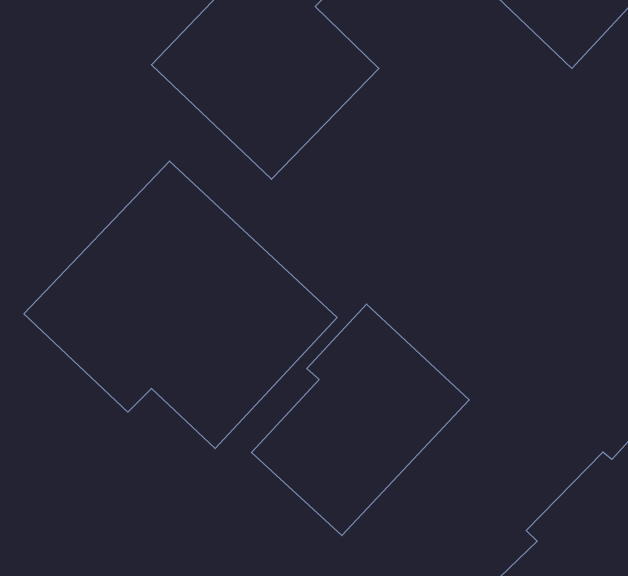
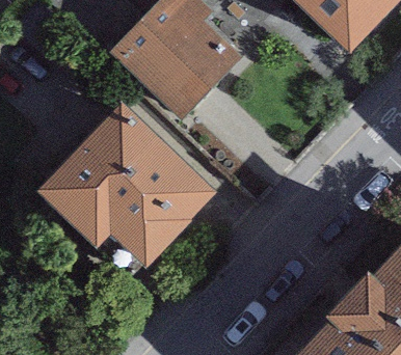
building: [251,304,469,536] -> none

